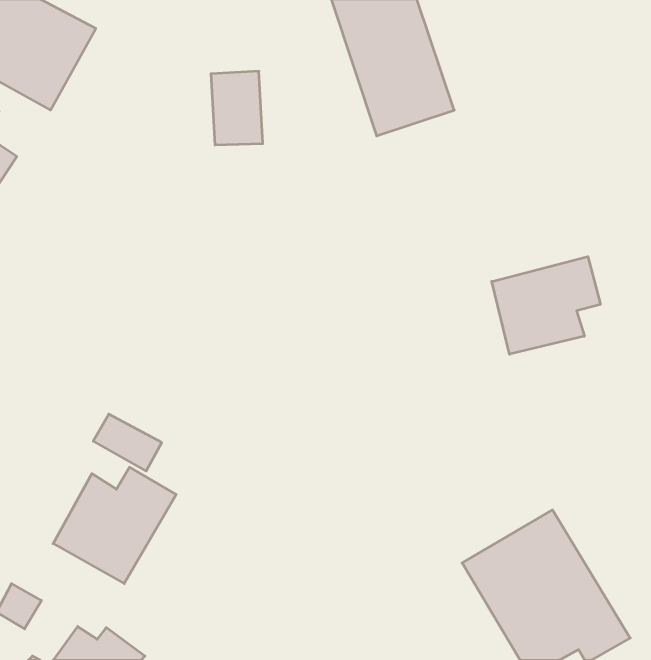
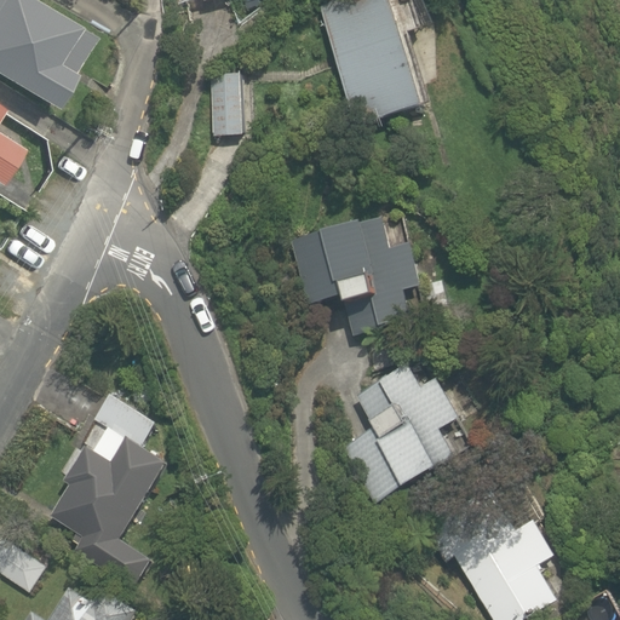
building: none -> [283,216,438,337]
building: [492,257,600,354] -> none
building: none -> [350,354,480,498]

